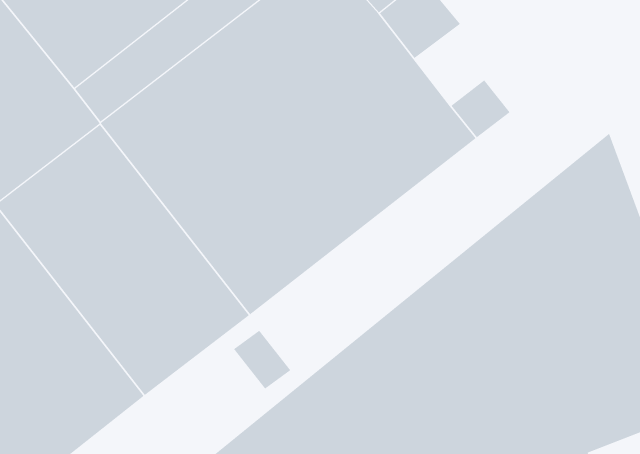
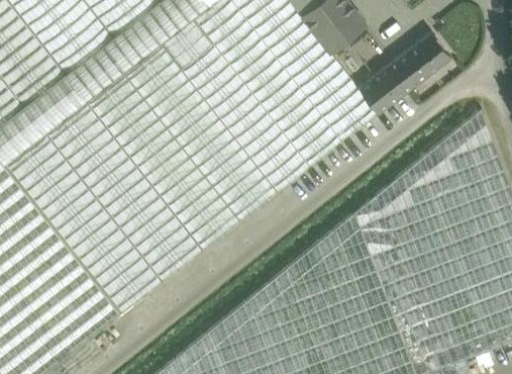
building: none -> [385,30,451,92]
building: [233,330,291,390] -> none

